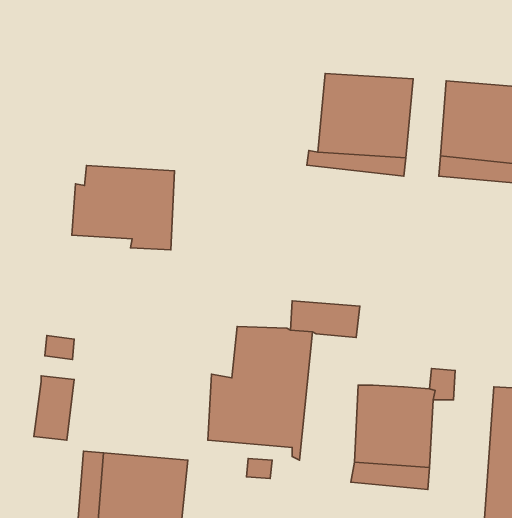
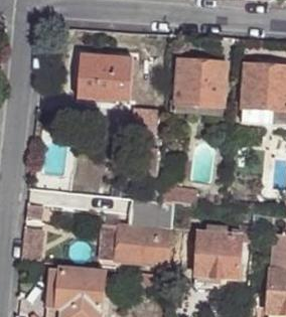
building: [72,165,174,250] -> [79,54,135,101]

